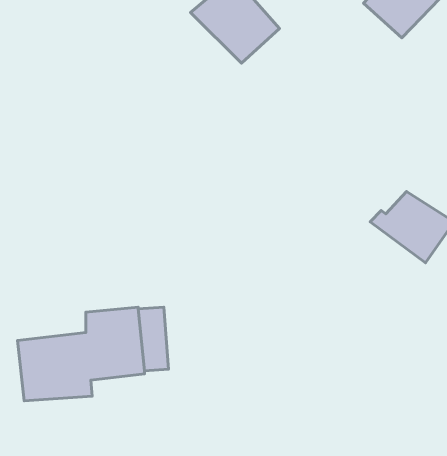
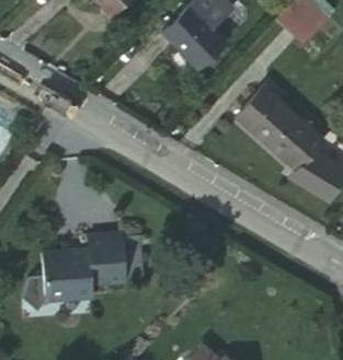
building: none -> [231,85,319,169]

